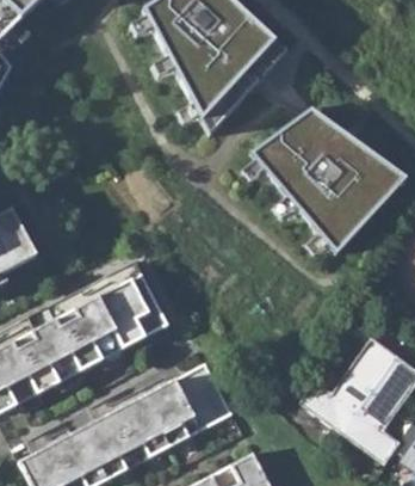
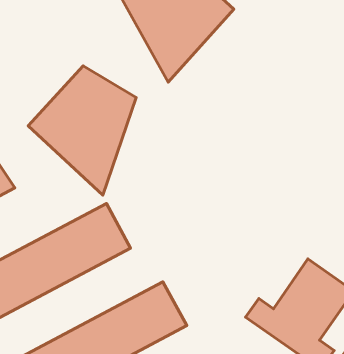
building: [249,109,405,254] -> none
building: none -> [28,66,136,195]

